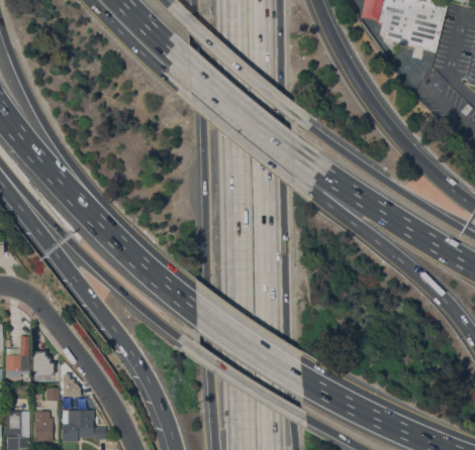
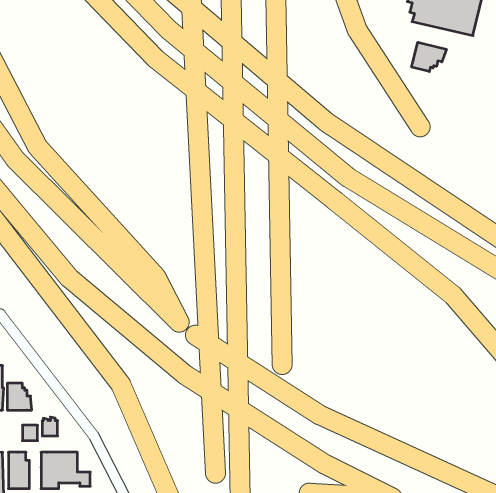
building: none -> [412,42,446,72]

